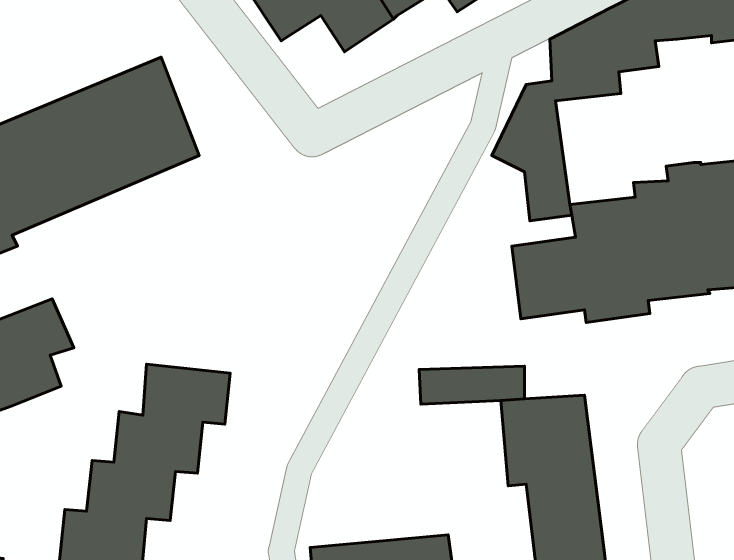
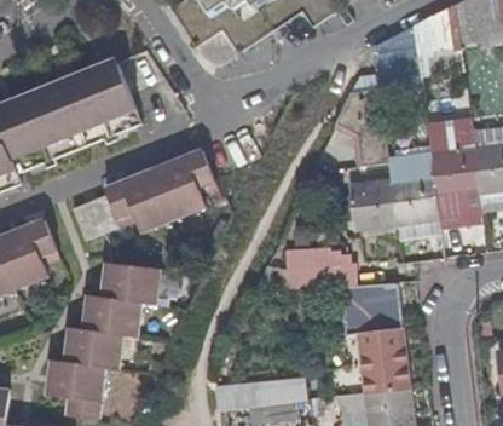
building: none -> [71,146,215,237]

